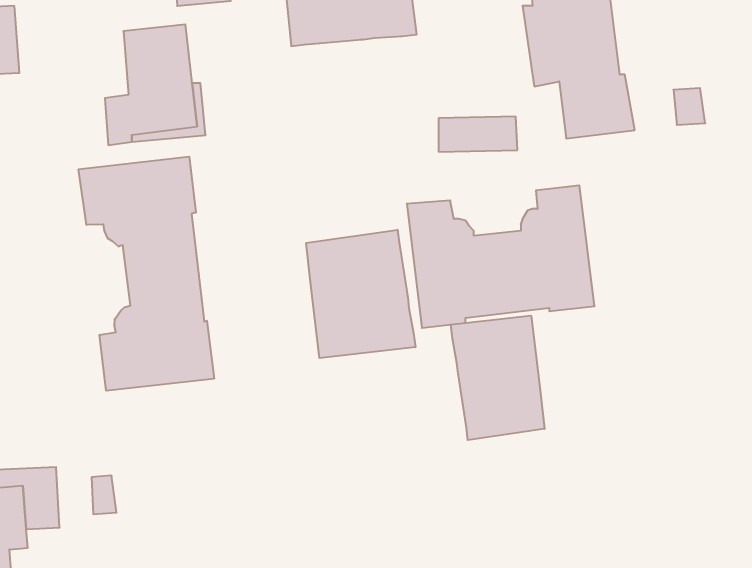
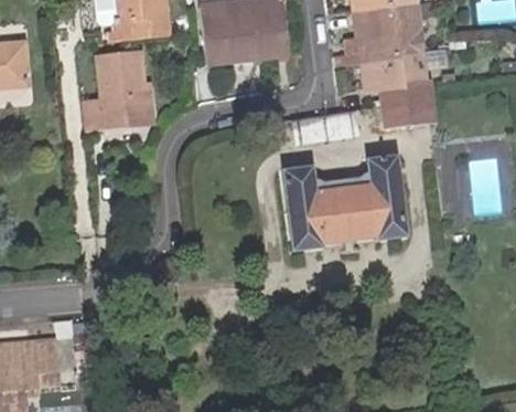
building: [79,157,214,391] -> none
building: [306,230,415,358] -> none
building: [451,316,545,440] -> none

